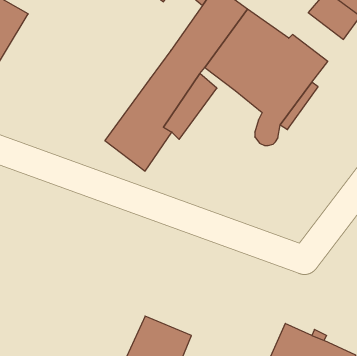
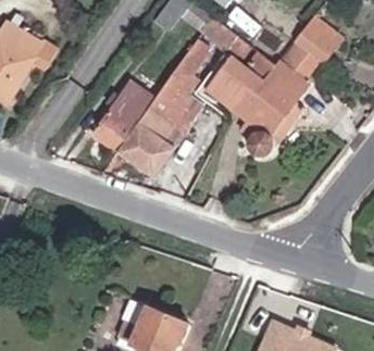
building: none -> [279,40,325,84]
building: none -> [89,80,152,154]

